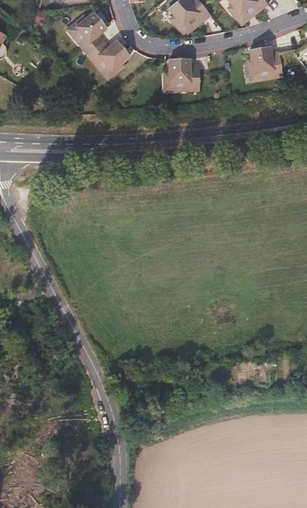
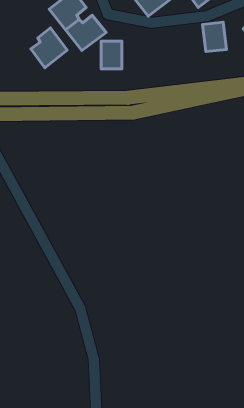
building: none -> [31,28,67,68]
building: [166,58,190,90] -> [101,41,122,69]

